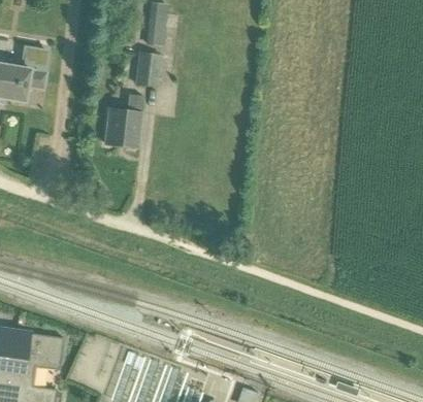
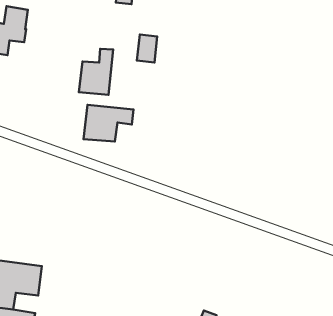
building: [136,55,159,86] -> [137,35,157,62]
building: none -> [84,105,134,142]

